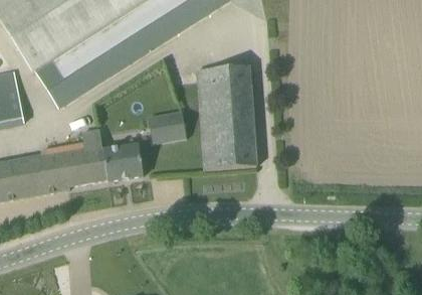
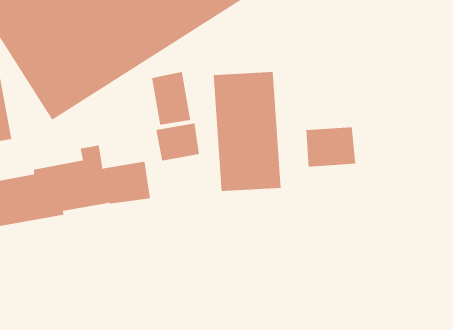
building: none -> [151,71,191,126]
building: none -> [306,127,356,168]

